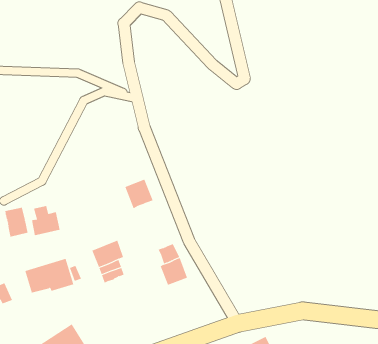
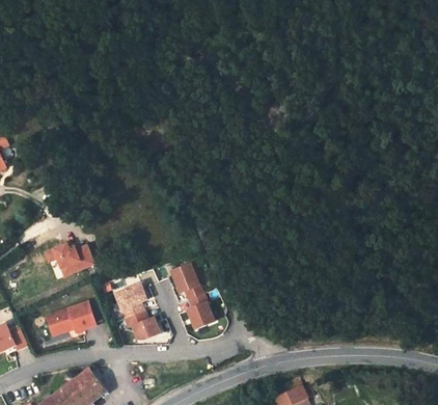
building: [124,179,154,209] -> [169,262,200,294]
building: [5,207,28,237] -> none
building: none -> [131,315,161,340]

